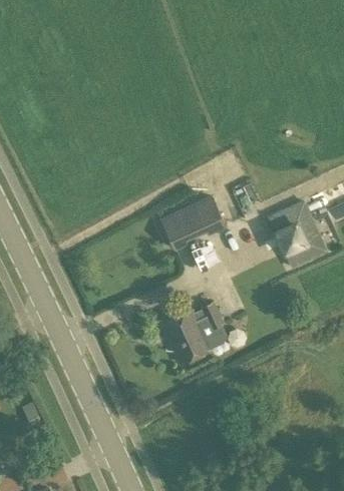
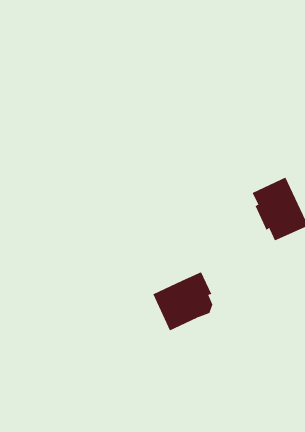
building: [160,196,227,253] -> none

